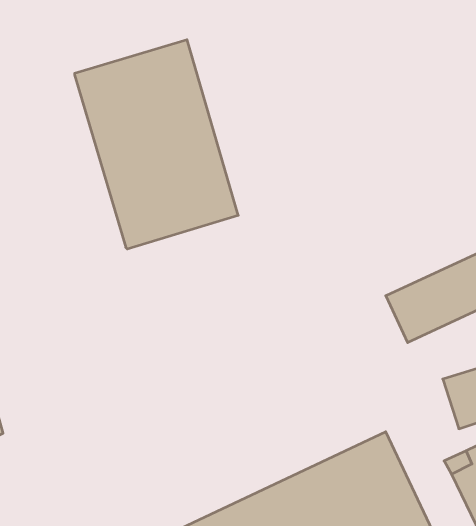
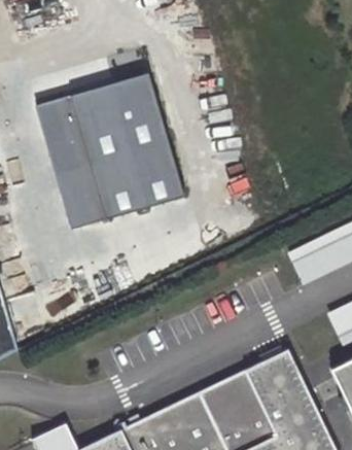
building: none -> [34,97,104,229]

